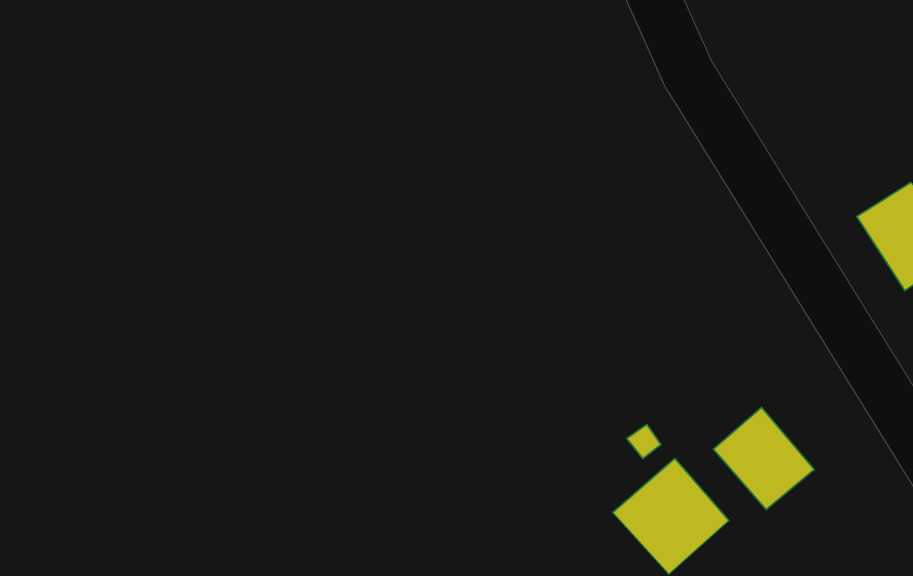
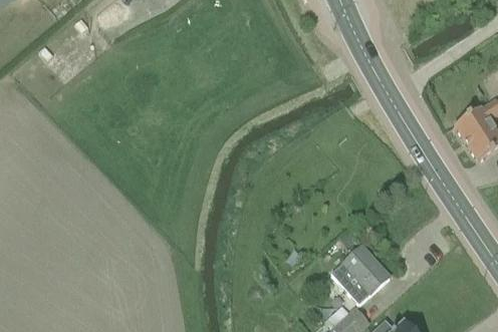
building: [714,407,814,509] -> none

